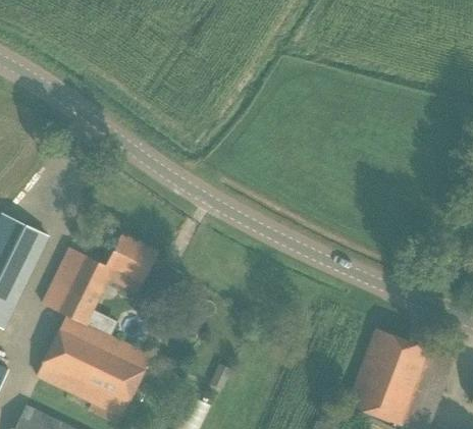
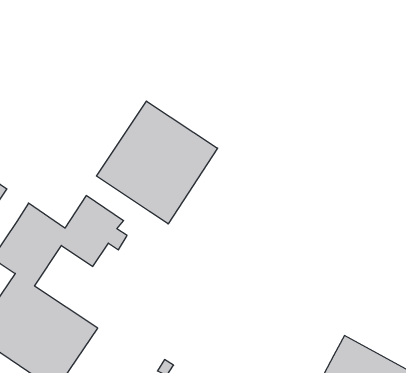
building: none -> [96,101,218,224]

